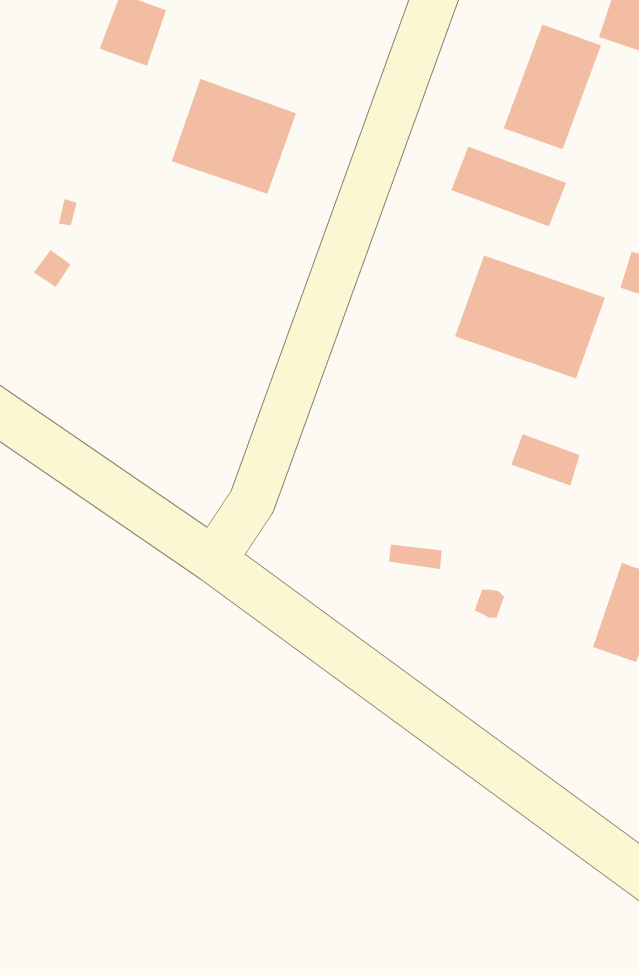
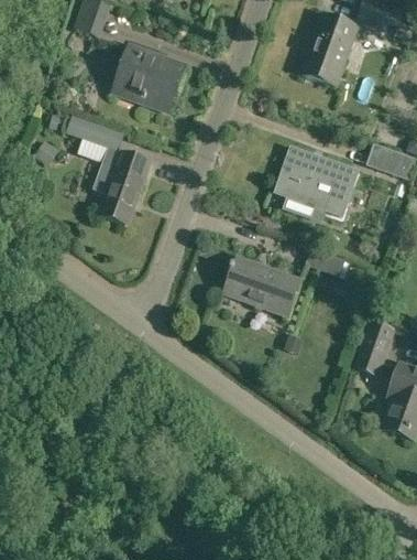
building: [451,146,567,227] -> none
building: none -> [66,115,151,224]
building: none -> [223,256,301,316]

